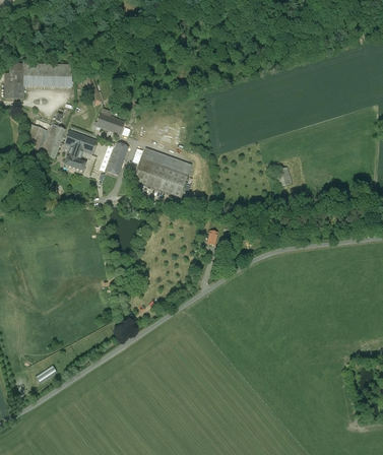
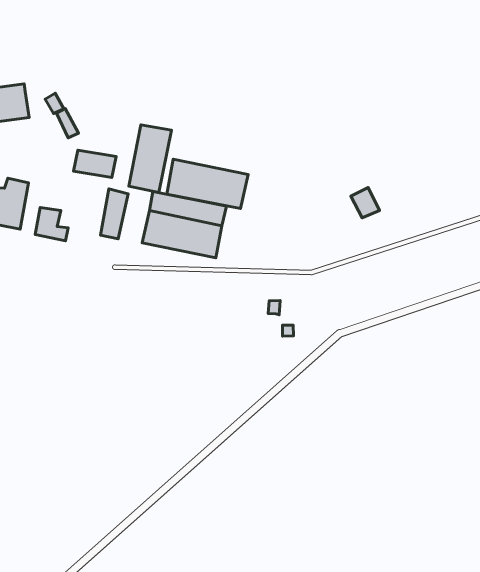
building: none -> [129,125,172,193]
building: none -> [167,159,248,209]
building: [65,130,97,153] -> none

